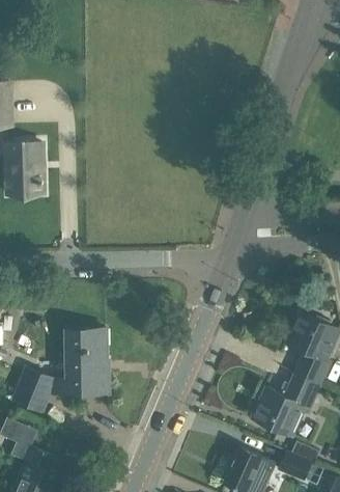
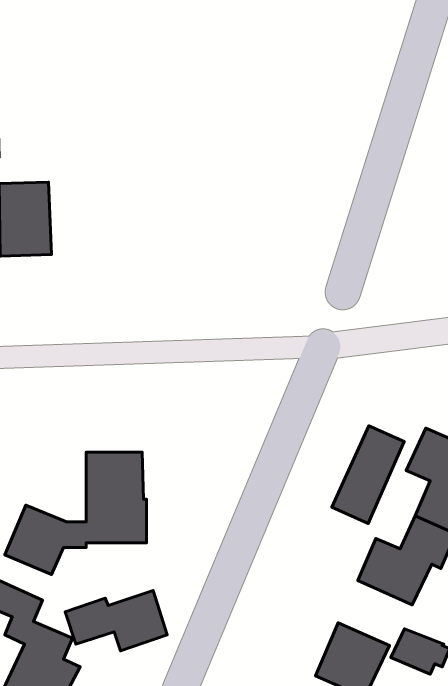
building: none -> [332,426,404,523]
building: none -> [65,590,167,651]

